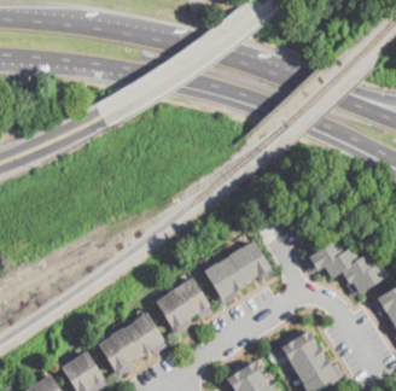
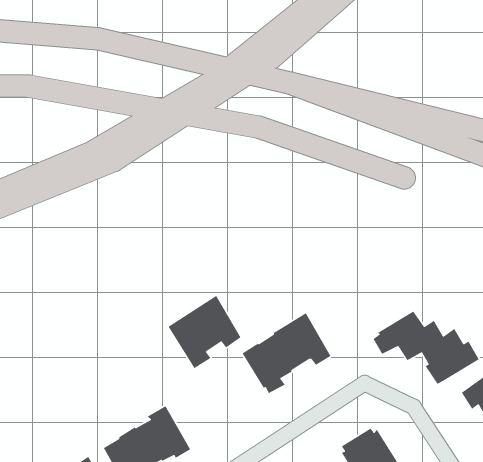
building: [155,278,211,334] -> [167,295,242,369]

